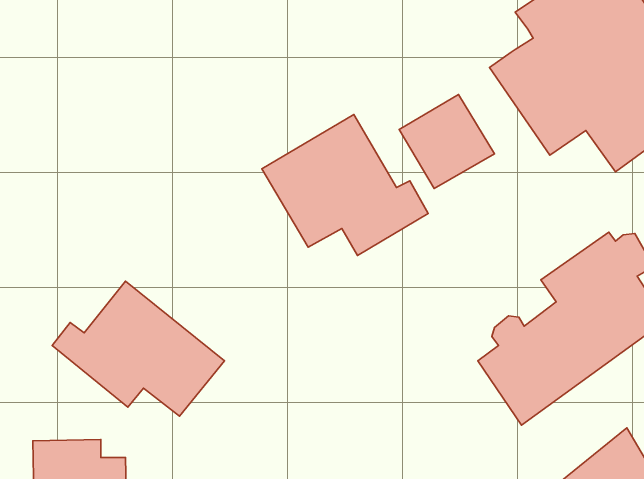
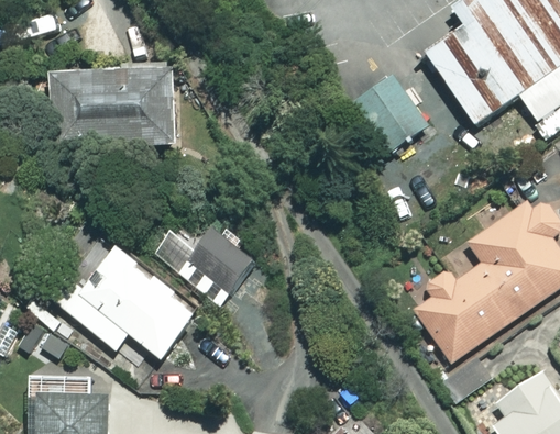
building: none -> [52,67,175,149]
building: [262,115,428,256] -> none
building: none -> [153,227,255,305]

